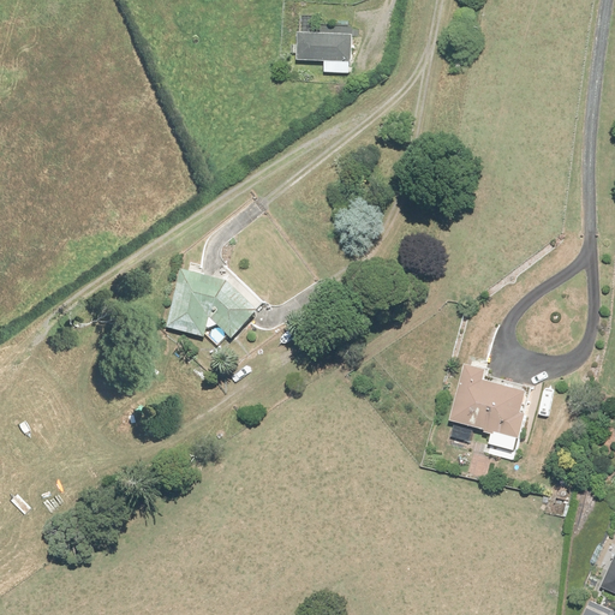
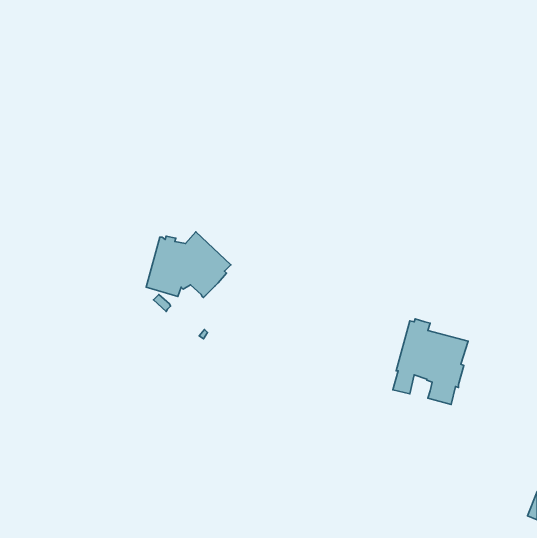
building: [294,29,351,72] -> none

